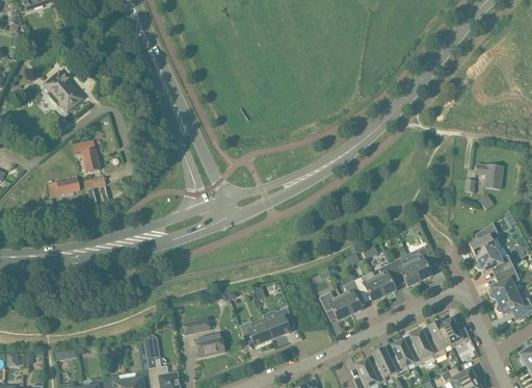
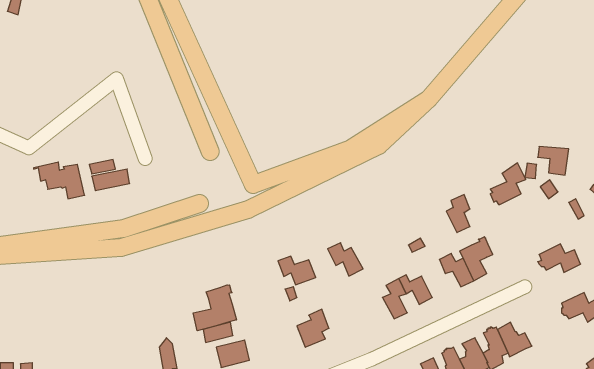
building: [44,71,82,111] -> none
building: [71,138,100,171] -> none
building: [469,222,500,258] -> [490,163,526,204]
building: [374,262,395,295] -> [446,195,470,233]
building: [489,266,520,301] -> none
building: none -> [193,285,236,331]
building: [319,291,350,320] -> [328,243,363,276]
building: [239,320,272,345] -> [278,256,316,285]

